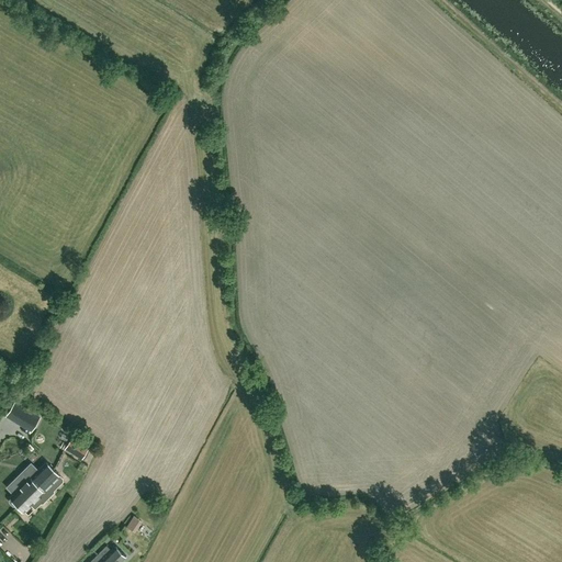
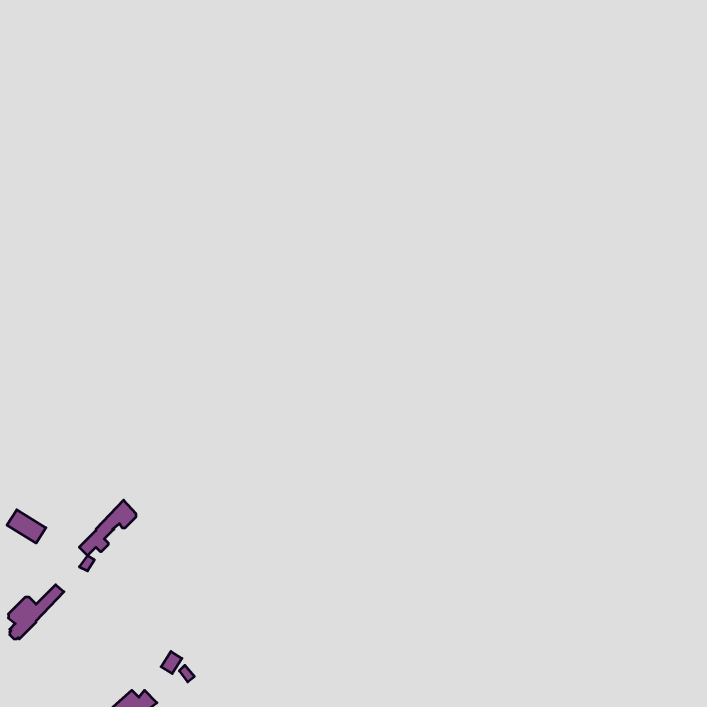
building: [15,470,60,514] -> [79,500,136,556]

